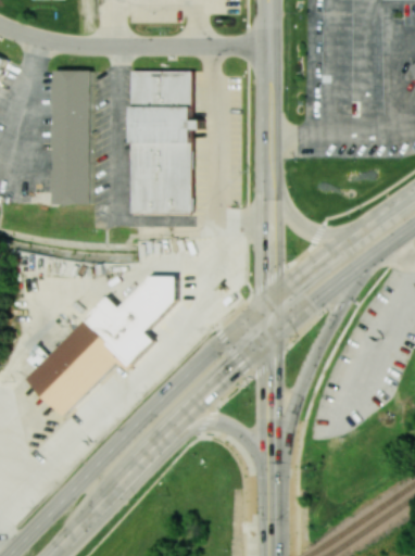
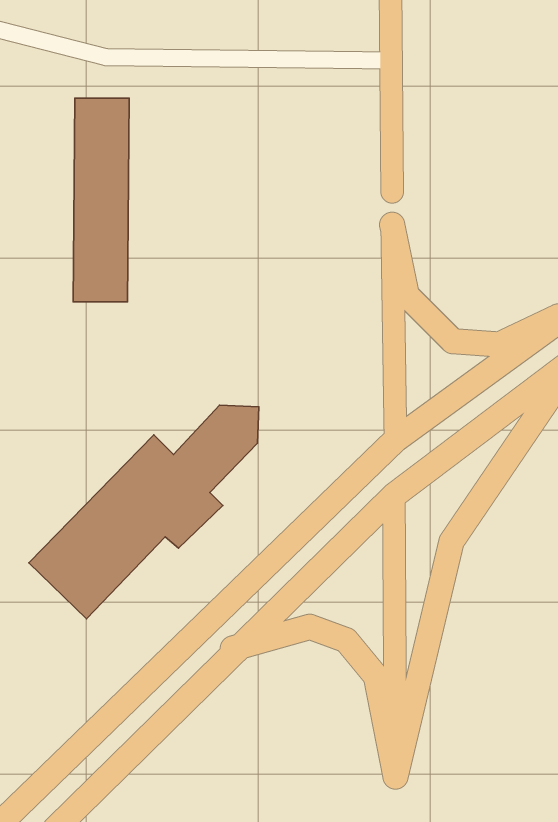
building: [129,70,201,214] -> none

